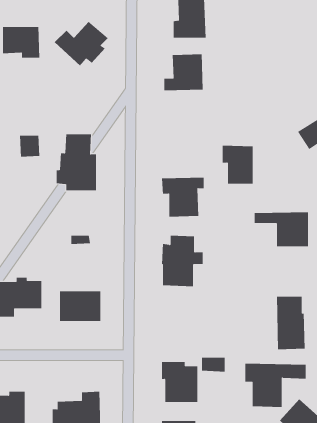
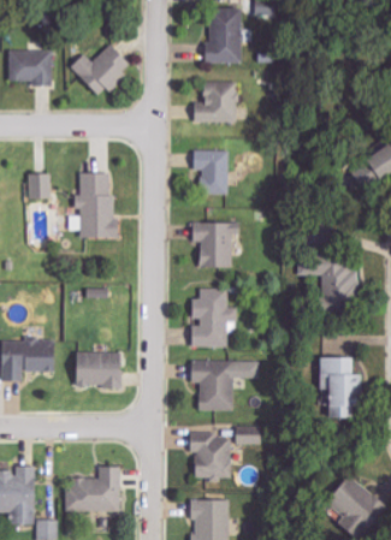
building: [222,145,253,184] -> [192,149,229,194]
building: [244,363,307,408] -> [190,360,261,410]

